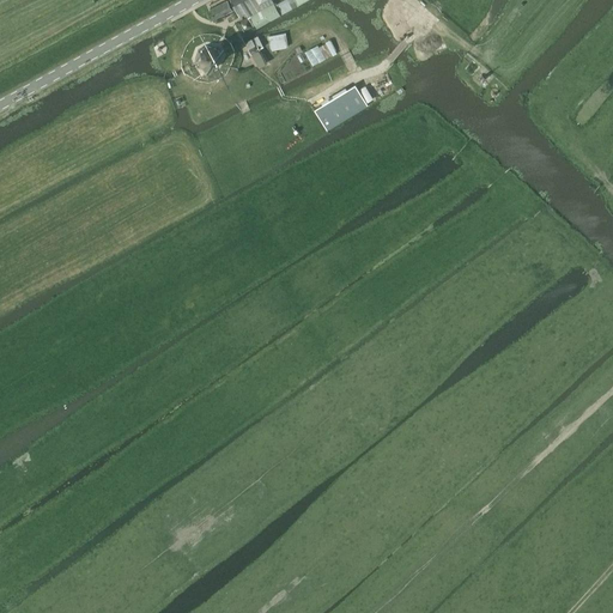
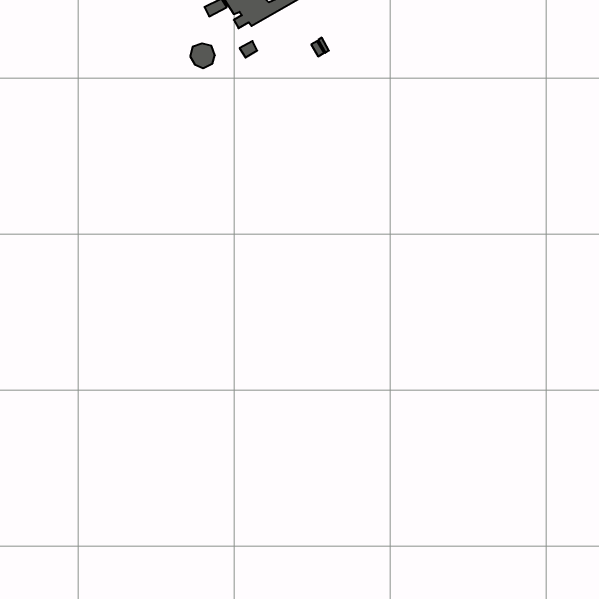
building: [317,85,368,128] -> none

